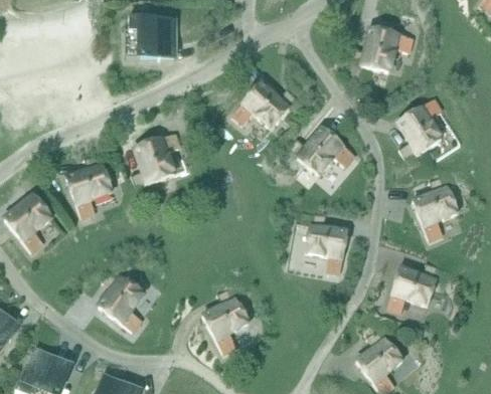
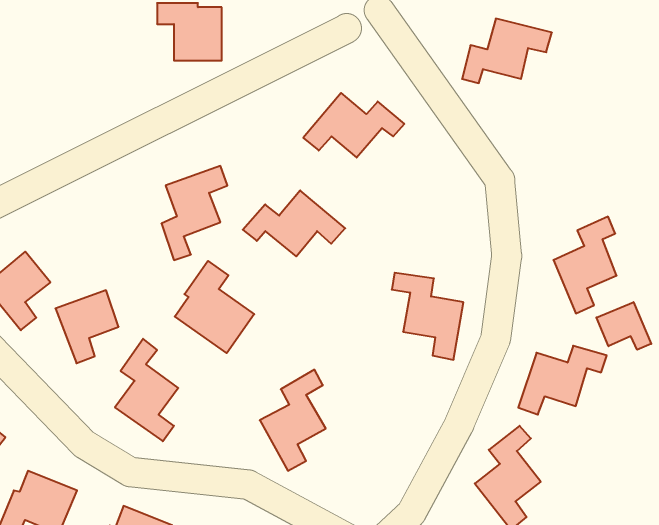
building: [397,98,442,169] -> none
building: [281,127,354,174] -> [243,190,345,256]
building: [66,164,112,216] -> [55,290,119,363]
building: none -> [175,261,254,353]
building: none -> [596,302,651,350]

